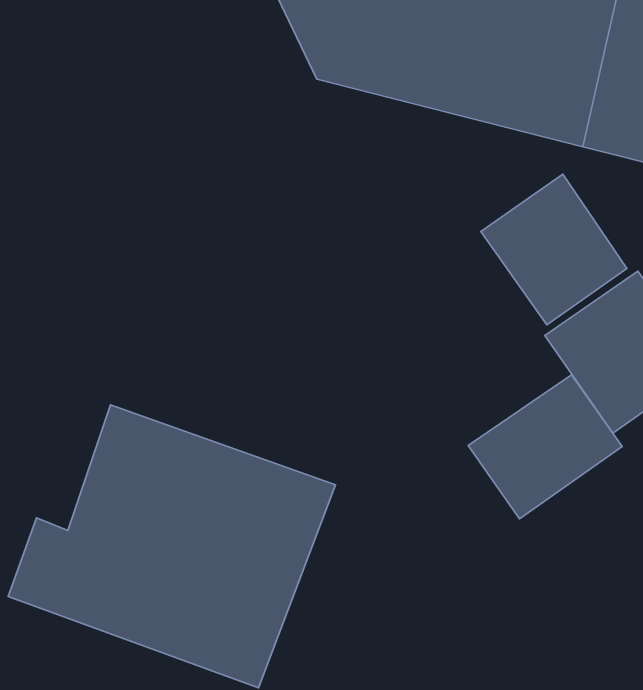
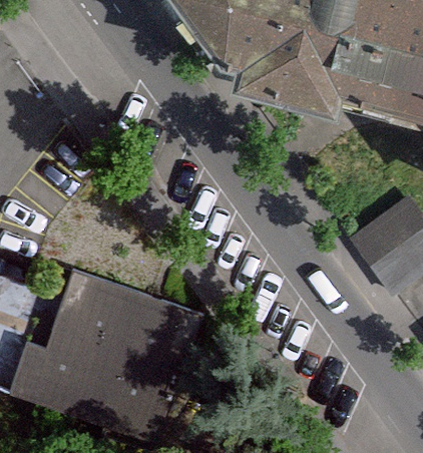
building: [481,174,627,325] -> none
building: [468,375,622,519] -> none

